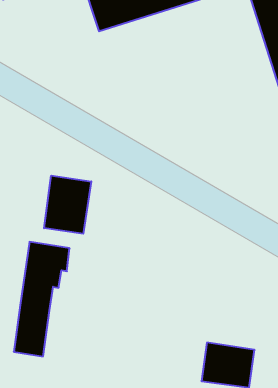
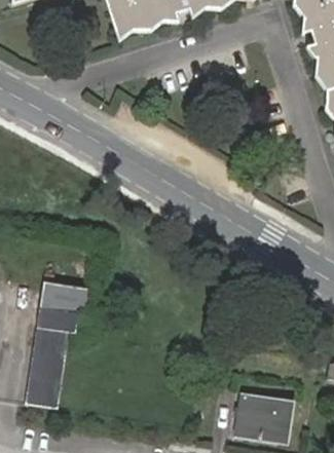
building: [44,176,91,234] -> none

